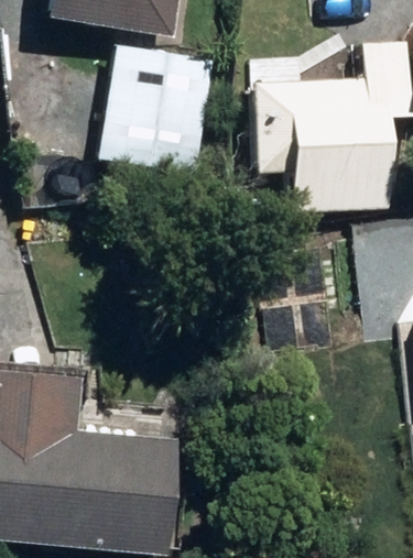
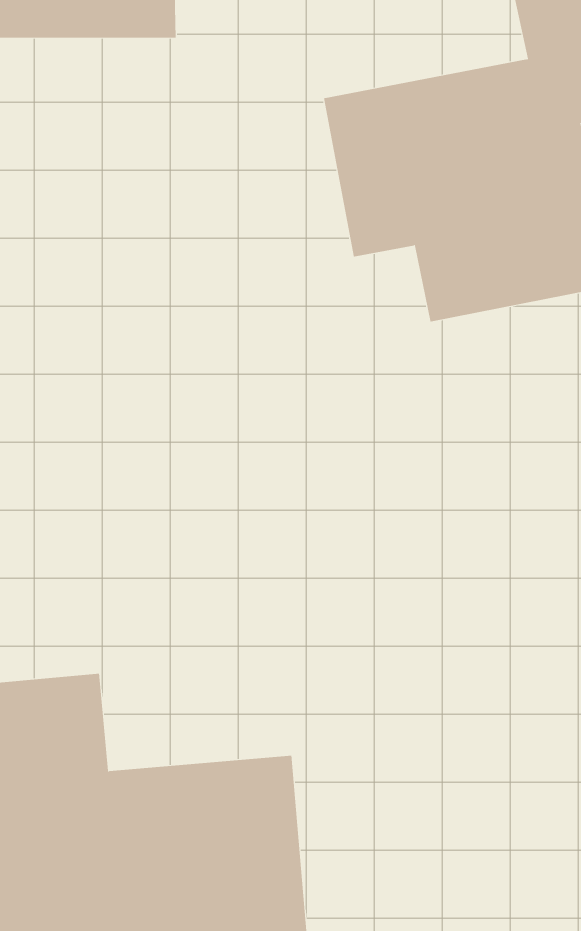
building: [100,44,213,172] -> none

